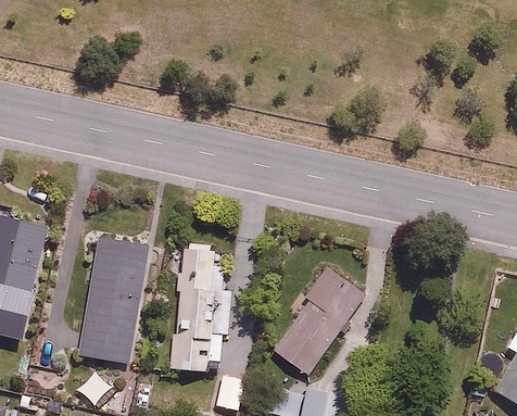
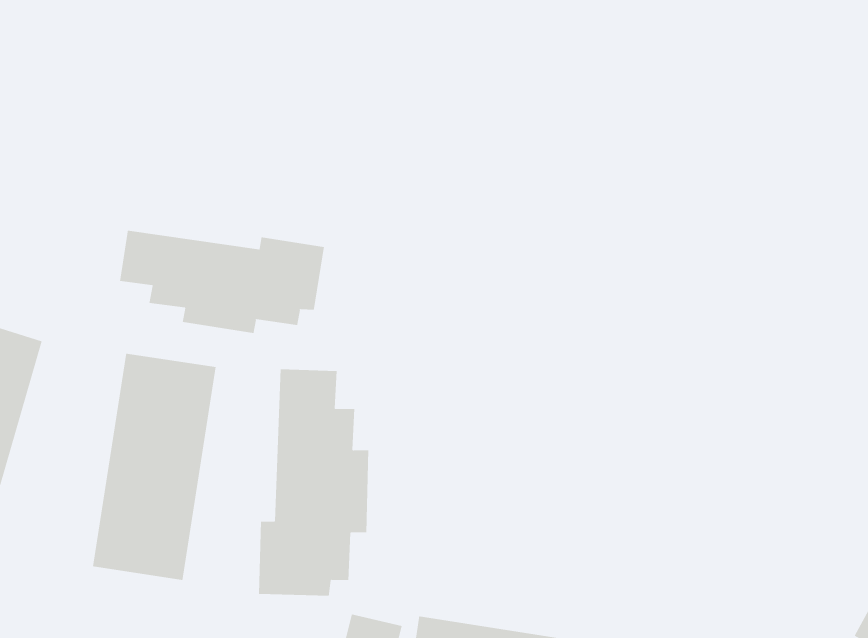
building: none -> [120,230,324,334]
building: [266,268,368,378] -> none

